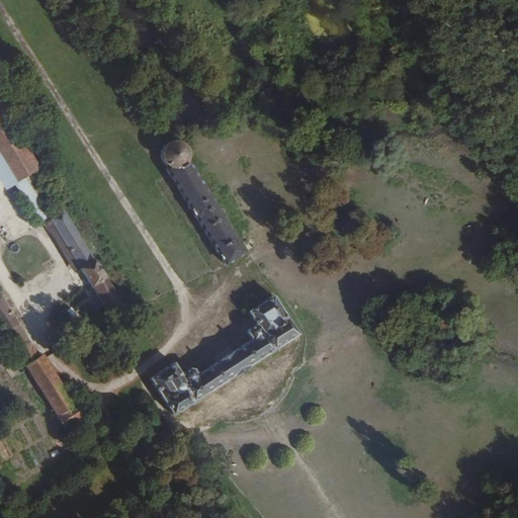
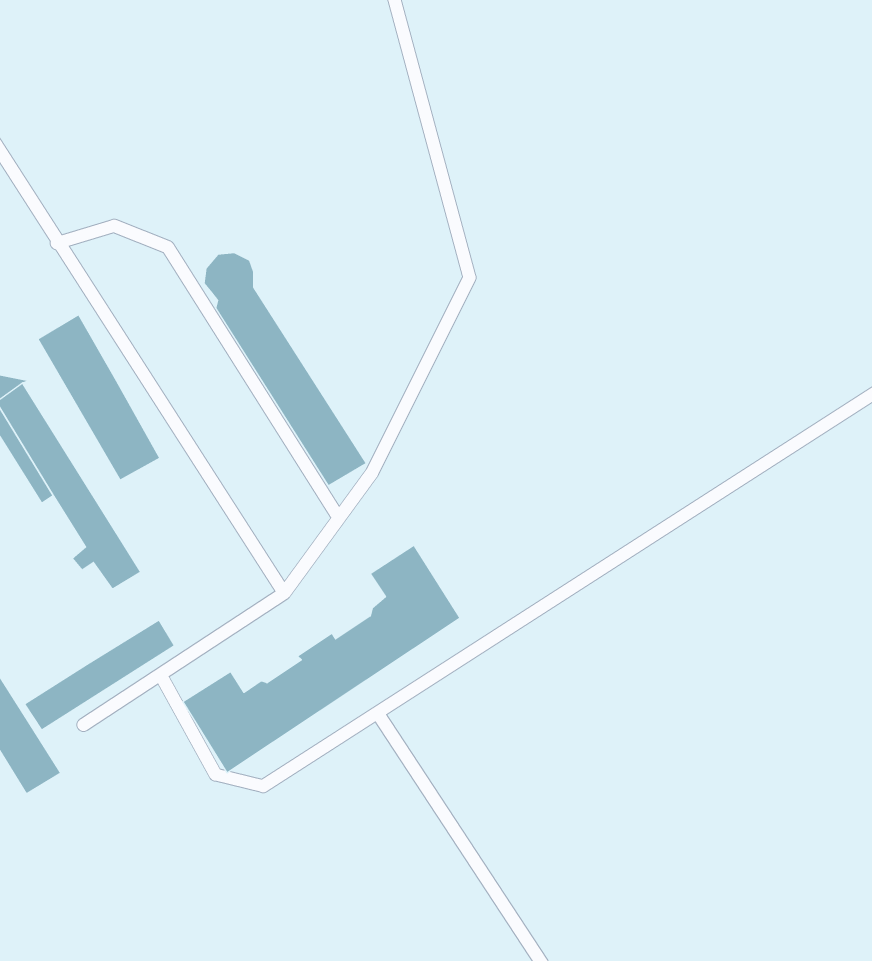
building: none -> [38,315,160,480]
building: none -> [24,620,174,730]

